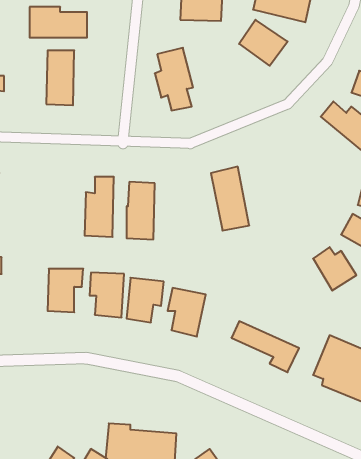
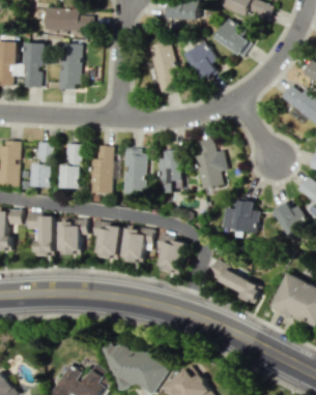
building: none -> [25,42,45,88]
building: none -> [186,42,217,81]
building: none -> [32,142,54,187]
building: none -> [60,144,83,188]
building: none -> [161,149,182,193]
building: none -> [223,199,260,233]
building: none -> [27,214,55,256]

